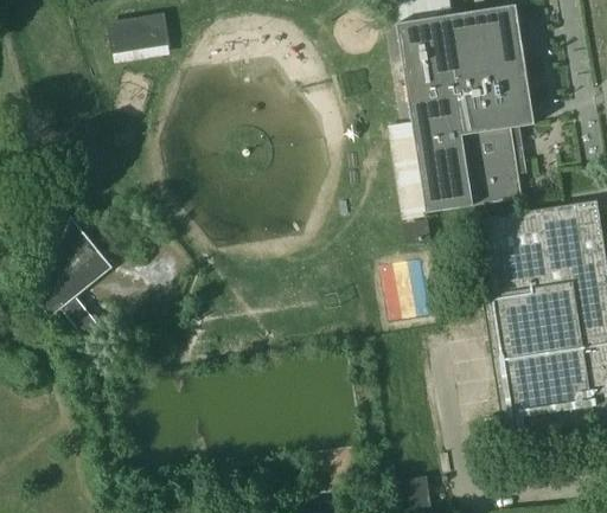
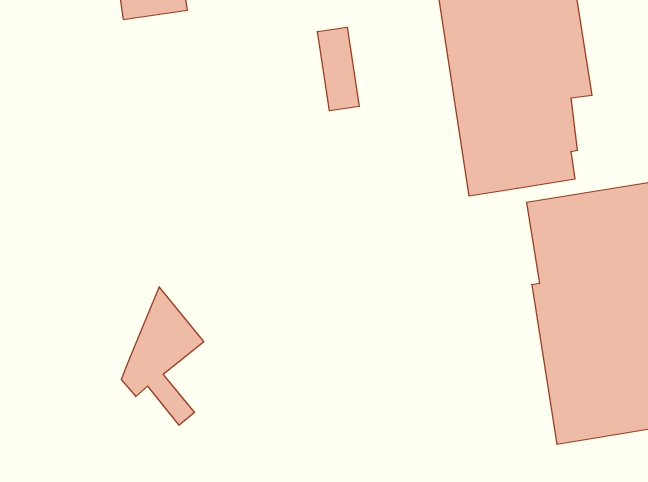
building: none -> [317,27,359,111]
building: [36,216,110,341] -> [121,287,204,425]

